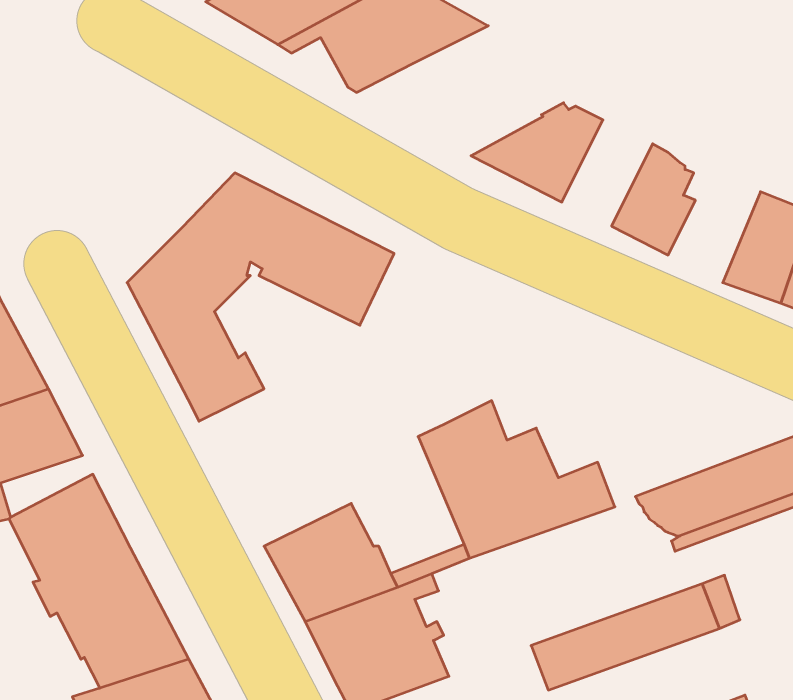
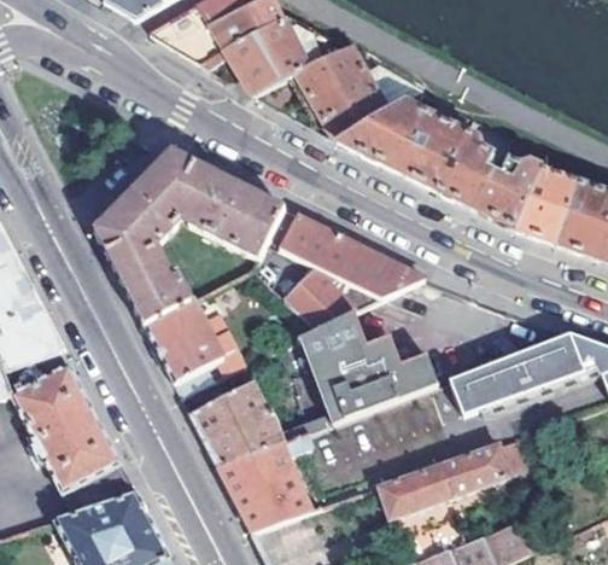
building: none -> [294,46,421,138]
building: none -> [399,112,463,187]
building: none -> [474,157,539,227]
building: none -> [250,206,420,327]
building: none -> [144,301,223,395]

